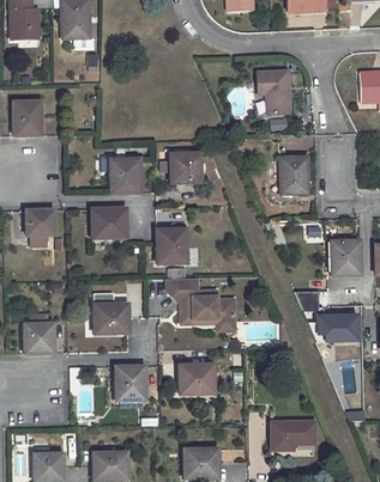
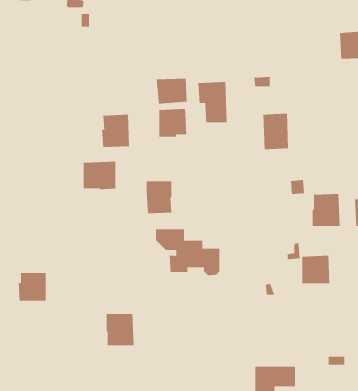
building: [258,71,289,114] -> [198,82,227,123]
building: [12,100,42,135] -> none
building: none -> [156,78,187,104]
building: [26,208,54,245] -> none
building: [94,303,128,332] -> none
building: [180,364,213,393] -> none

